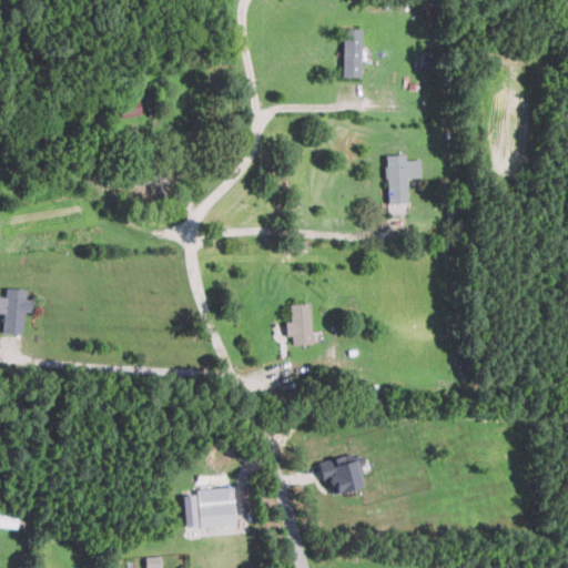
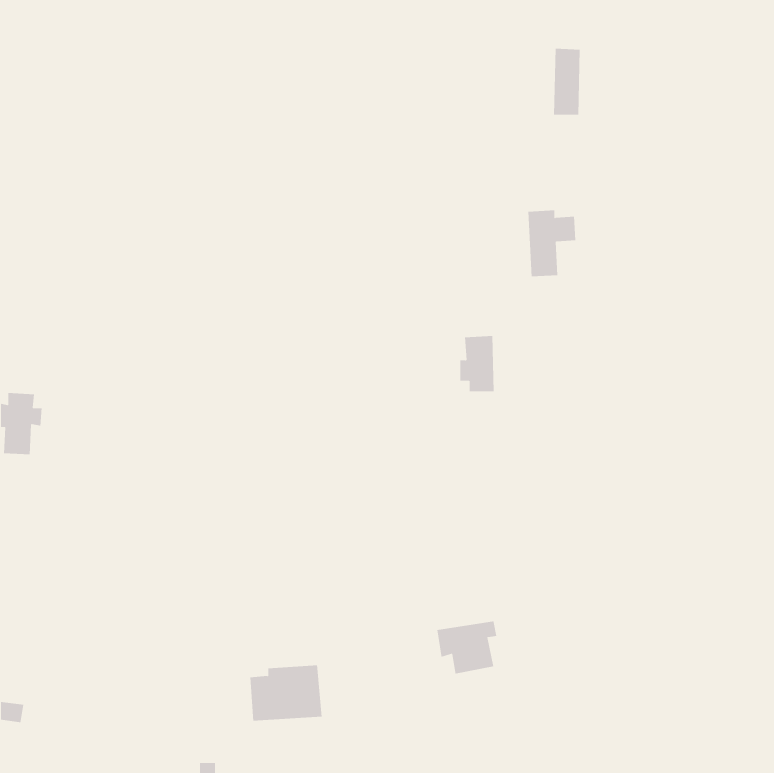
building: [344,30,364,79] -> [553,48,581,115]
building: [287,305,313,346] -> [460,336,495,392]

